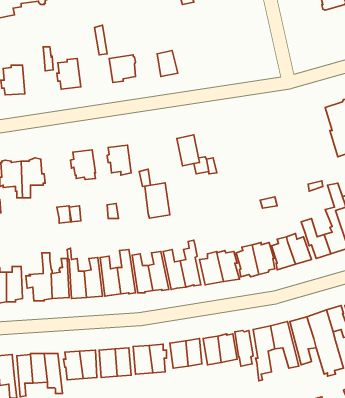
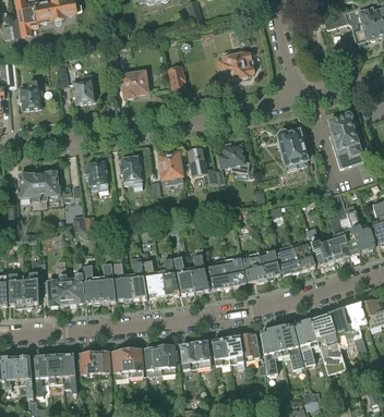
building: none -> [217,52,254,79]
building: none -> [277,130,309,170]
building: none -> [218,142,249,171]
building: [145,183,170,218] -> [159,151,183,185]

